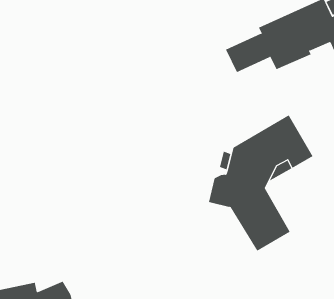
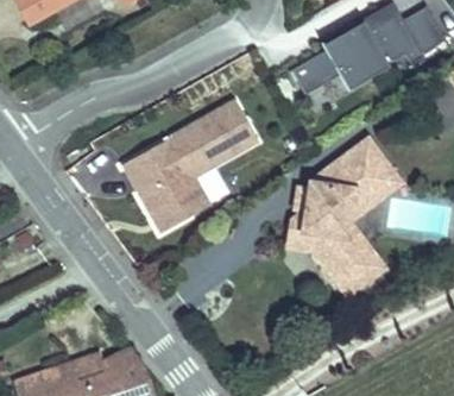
building: none -> [125,98,260,230]

